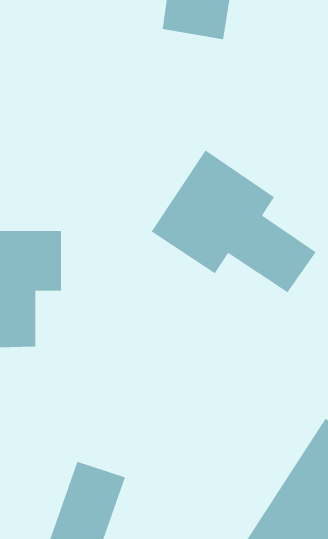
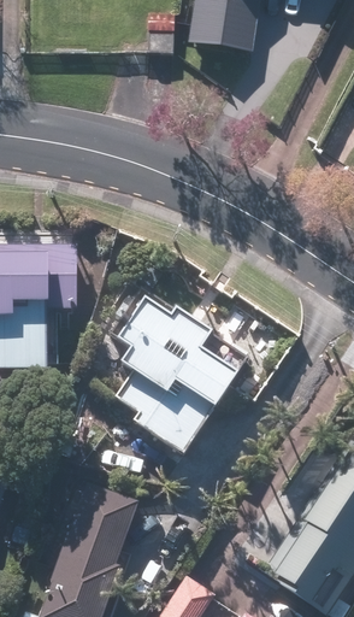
building: [151,150,316,293] -> none
building: none -> [117,299,238,452]

